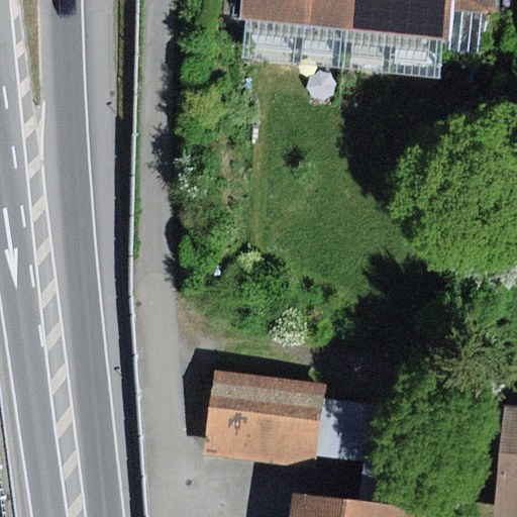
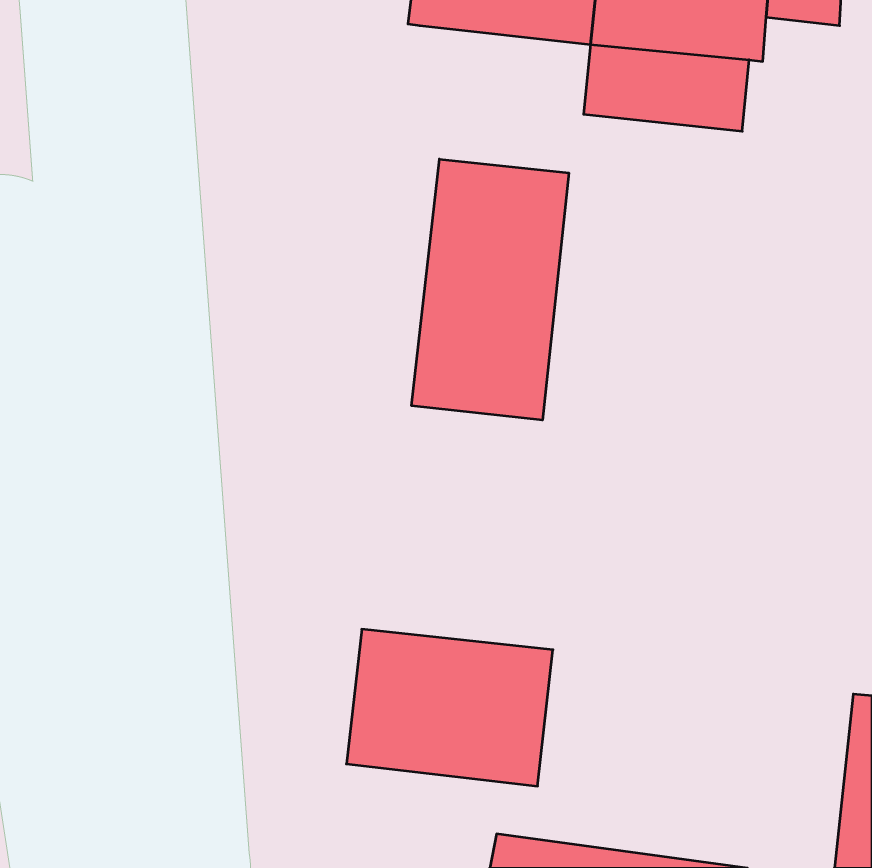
building: [243,15,349,68] -> none
building: none -> [412,159,569,420]

